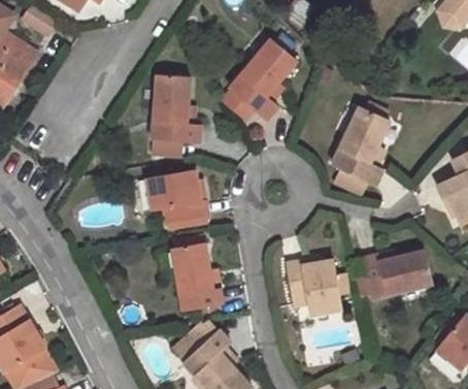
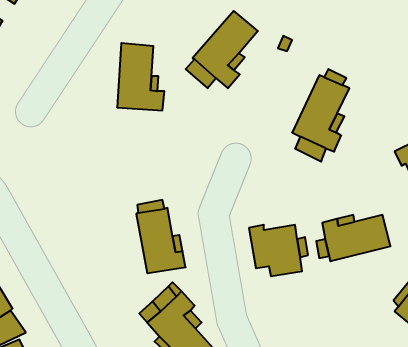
building: [147,170,207,224] -> none

